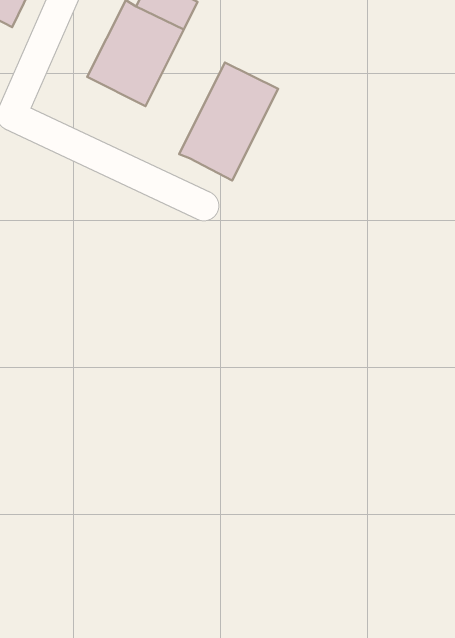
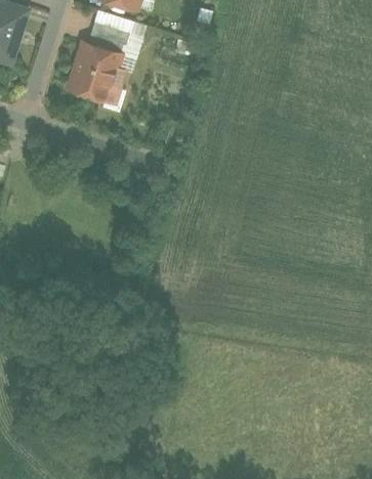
building: [179,63,278,181] -> none

